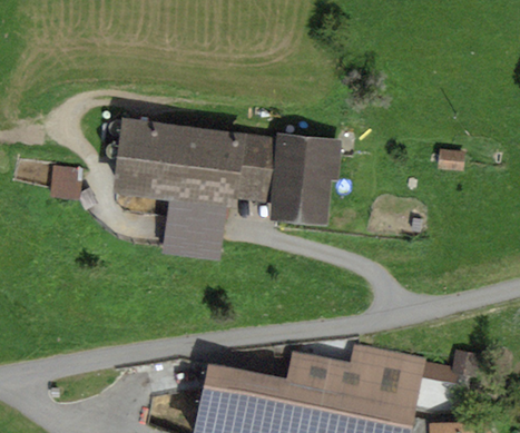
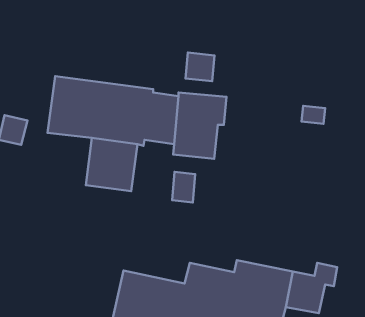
building: none -> [185,53,215,81]
building: none -> [172,172,195,203]

